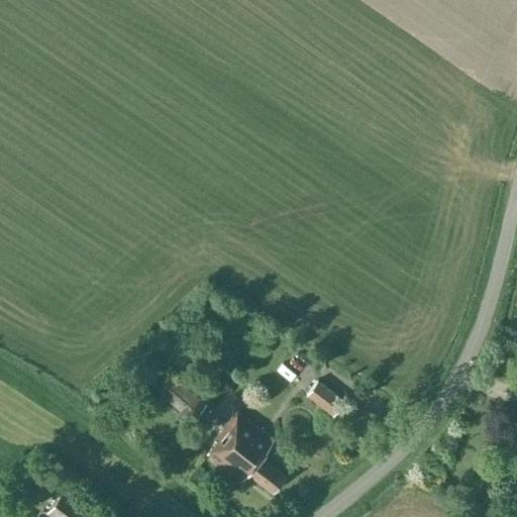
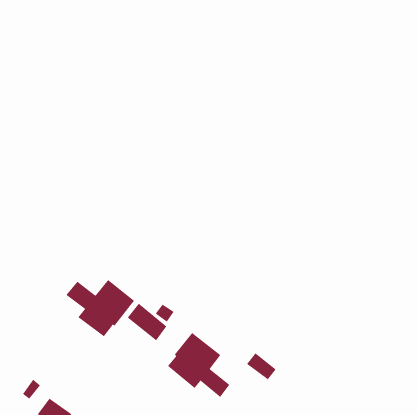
building: none -> [66,279,135,337]
building: [307,383,344,417] -> [246,352,276,380]

